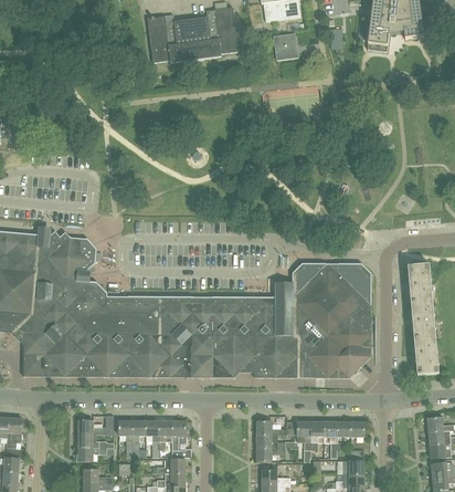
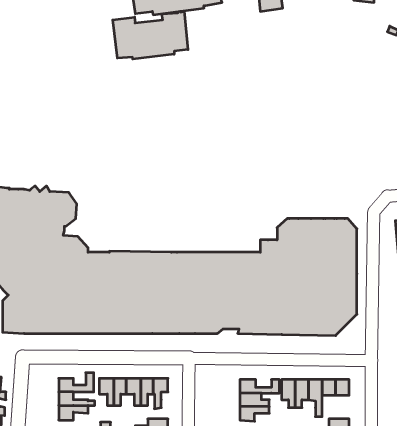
building: none -> [113,11,188,59]

